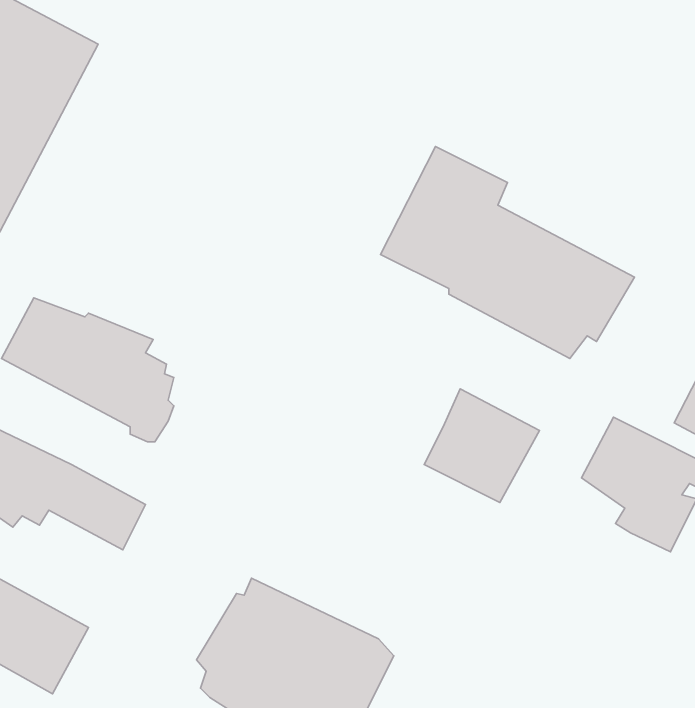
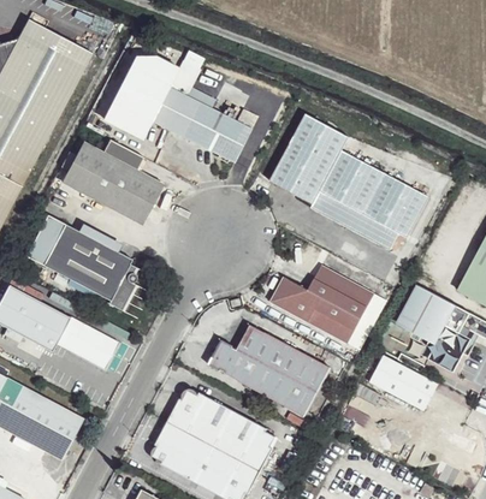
building: none -> [103,57,259,166]
building: none -> [58,137,165,227]
building: none -> [273,280,309,316]
building: none -> [208,325,332,418]
building: none -> [369,350,441,411]

